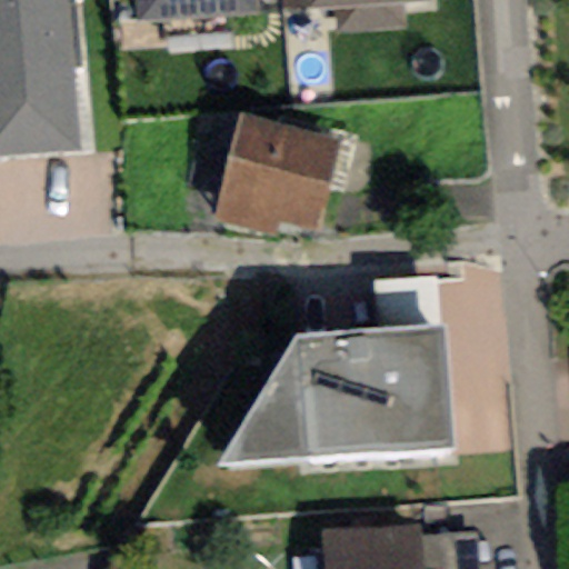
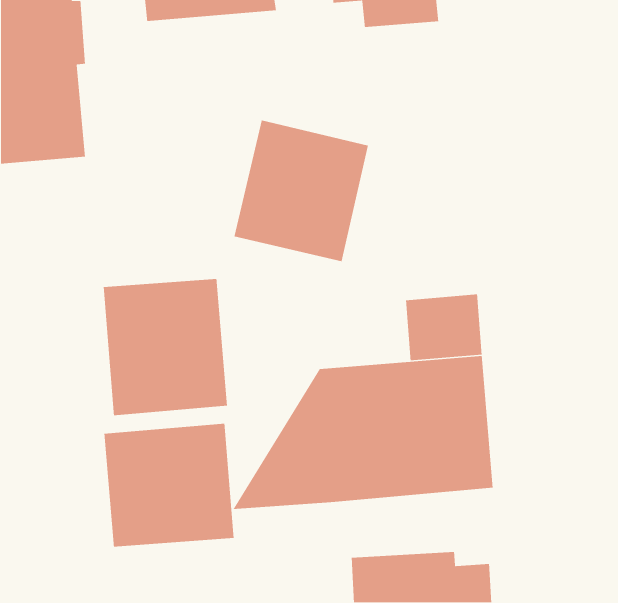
building: none -> [103,278,228,416]
building: none -> [104,423,235,547]

